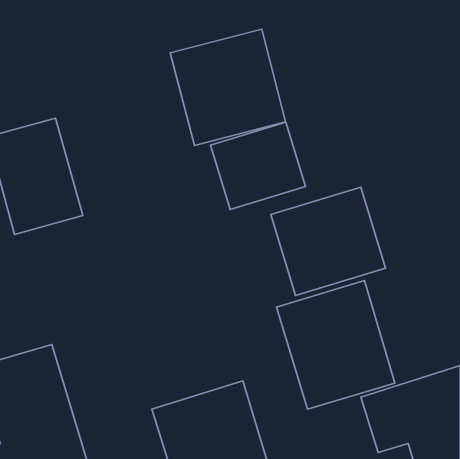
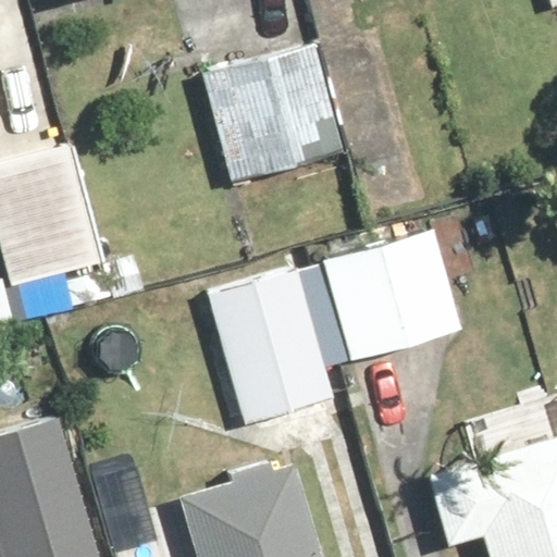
building: [211,122,305,209] -> none
building: none -> [208,267,331,422]
building: [276,280,395,409] -> none

